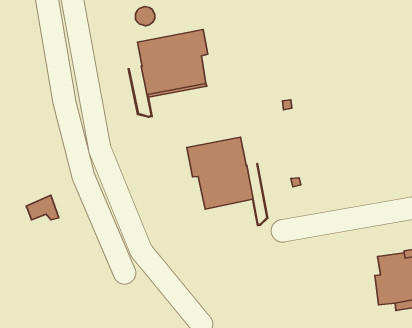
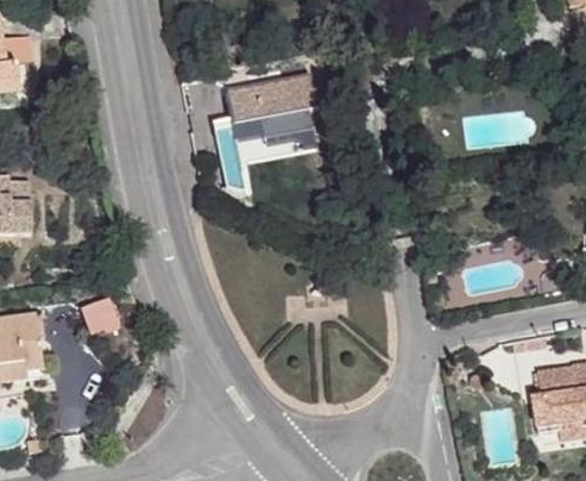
building: [187,137,268,226] -> none

